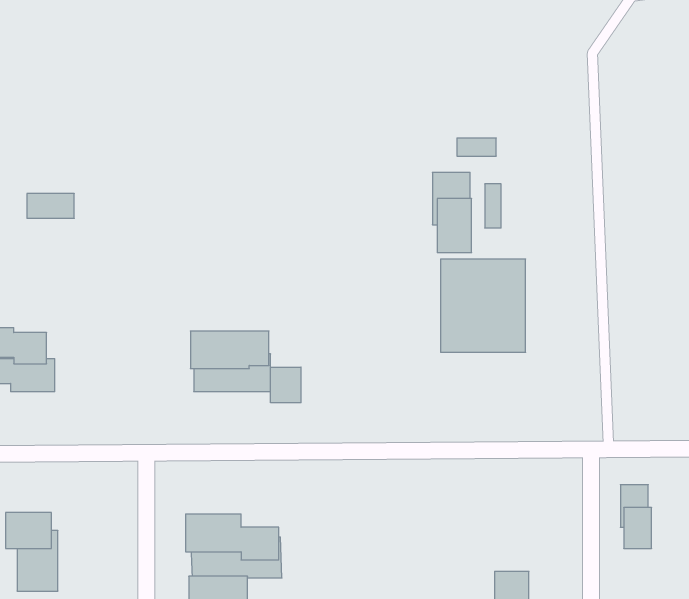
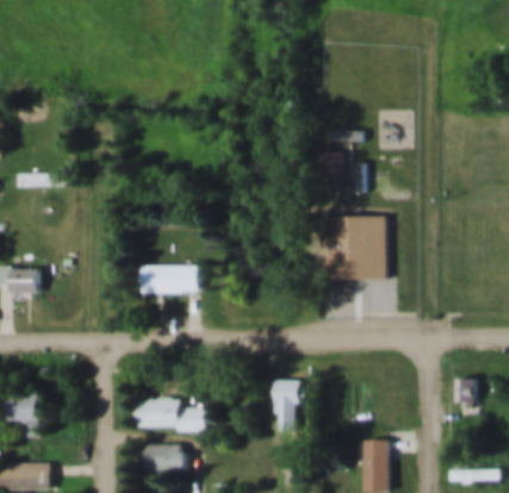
building: [271,367,301,403] -> none
building: none -> [273,380,302,432]

